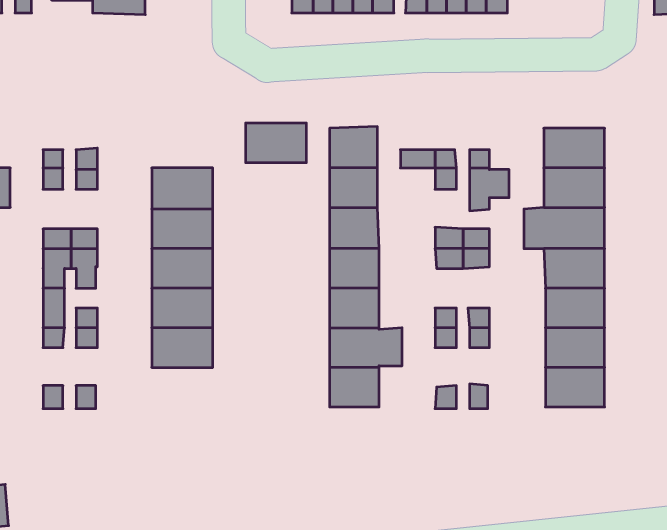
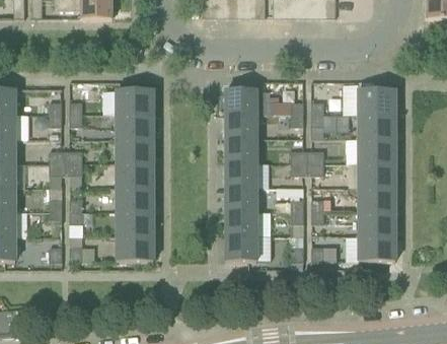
building: [246,123,306,163] -> [117,88,154,113]
building: none -> [117,235,154,261]

